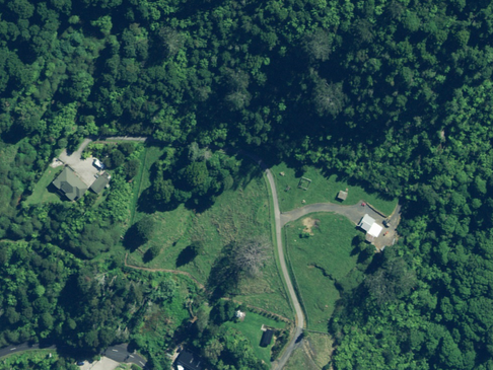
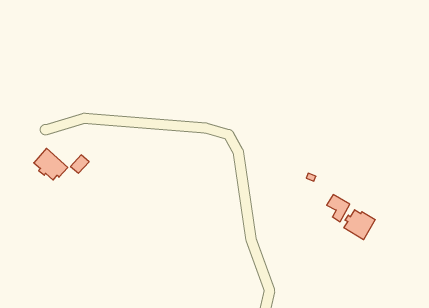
building: none -> [344,210,375,240]

